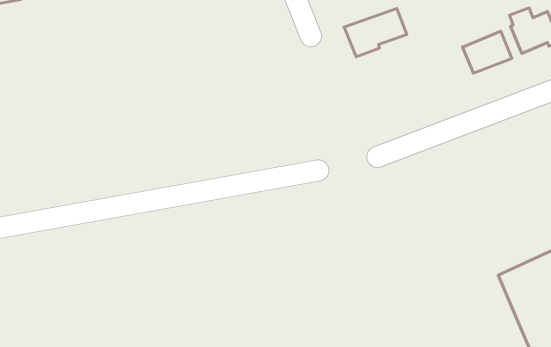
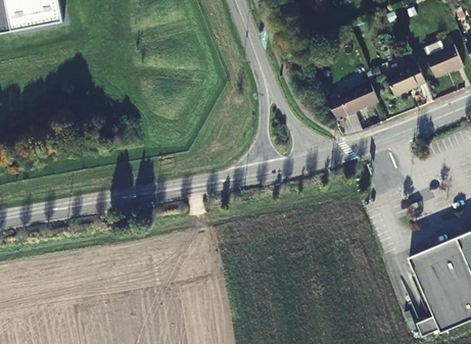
building: [344,9,407,57] -> [325,76,377,115]

